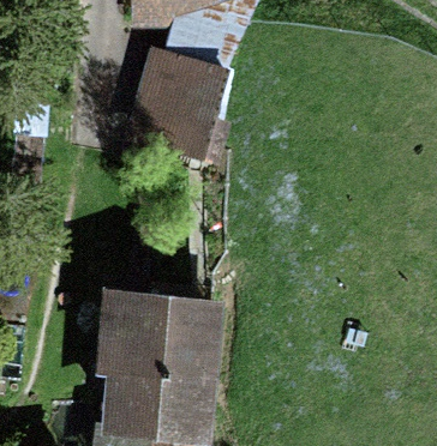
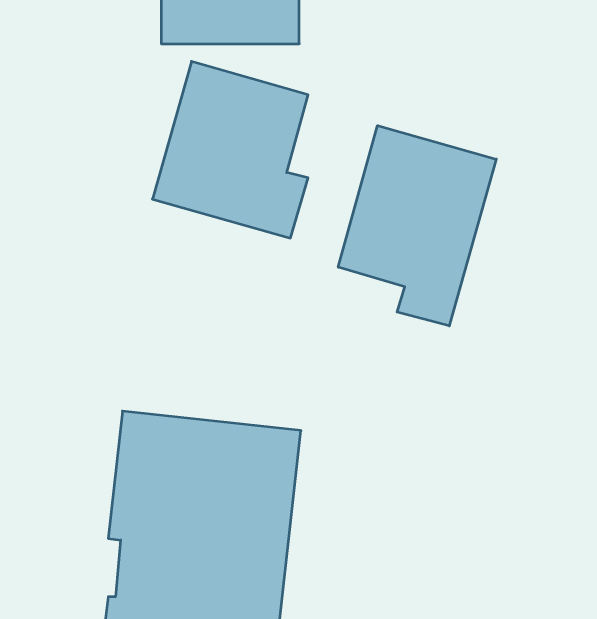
building: none -> [338,126,496,326]

